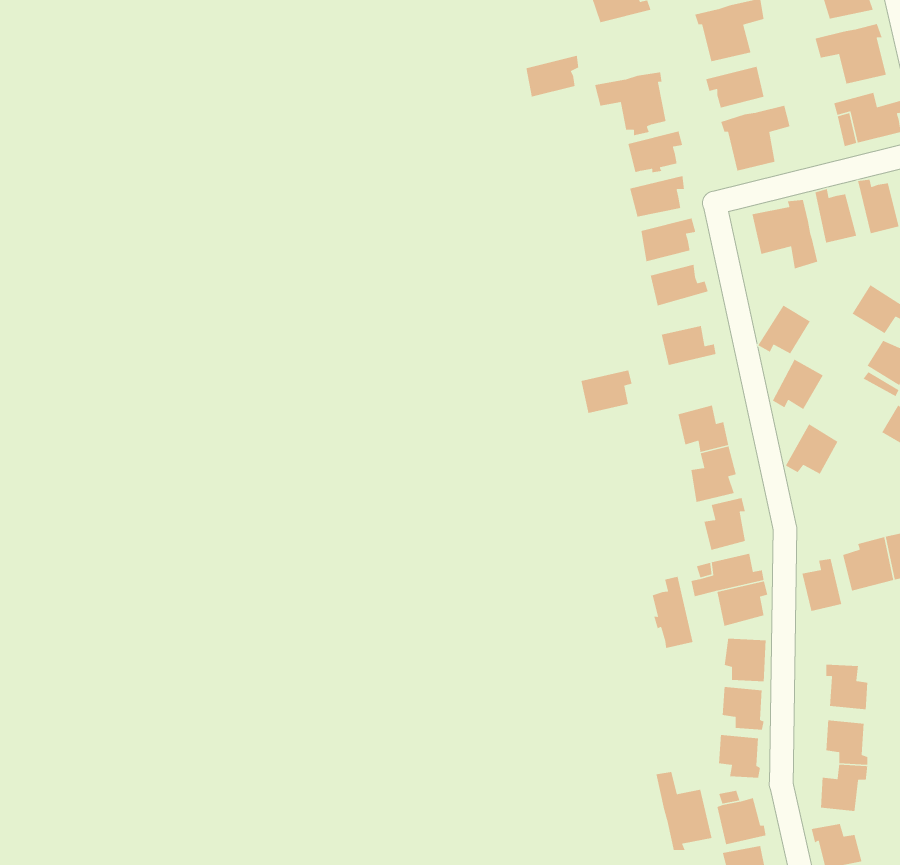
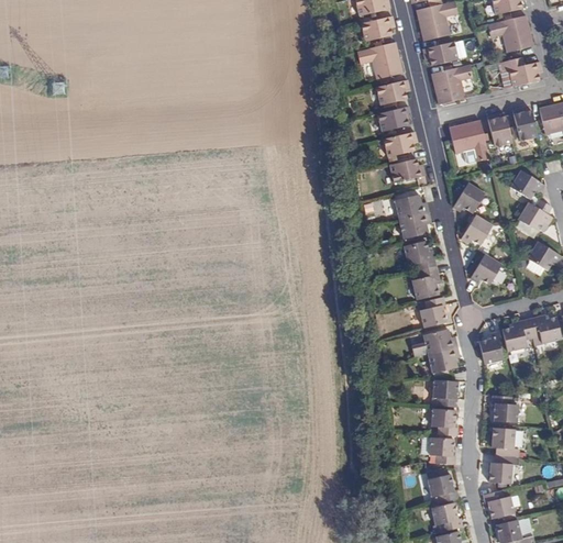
building: [526,55,579,97] -> [361,15,393,41]
building: [581,369,632,414] -> [399,212,430,239]
building: [652,576,693,649] -> none
building: [656,771,712,851] -> none

